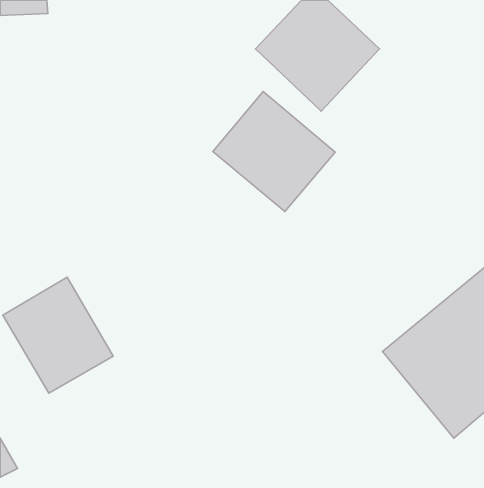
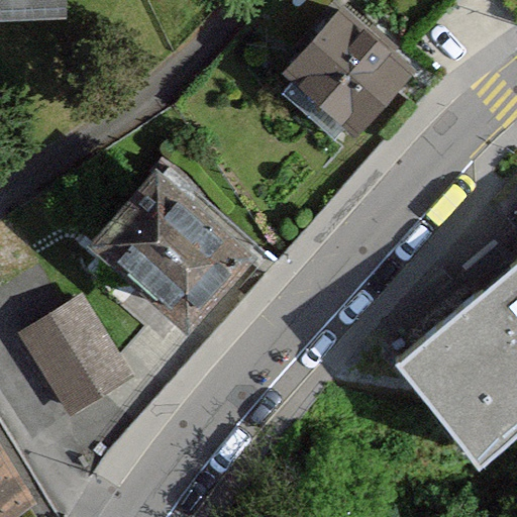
building: [213,91,335,211] -> none
building: none -> [79,158,242,316]

